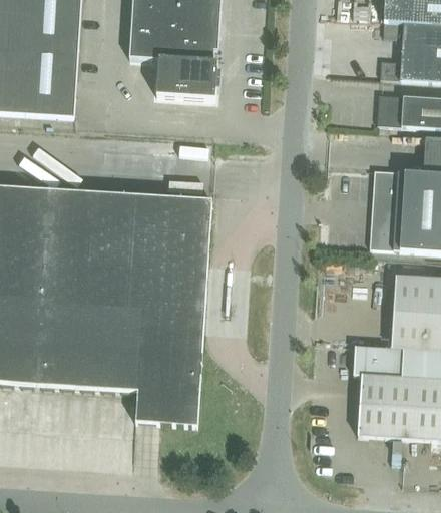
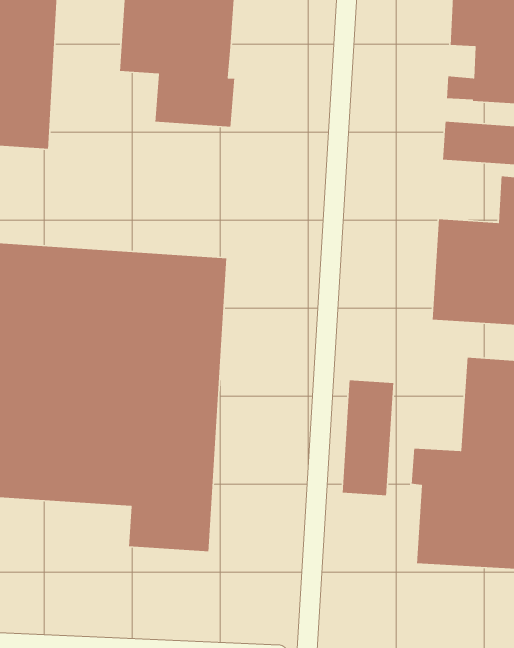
building: none -> [342,380,394,496]

